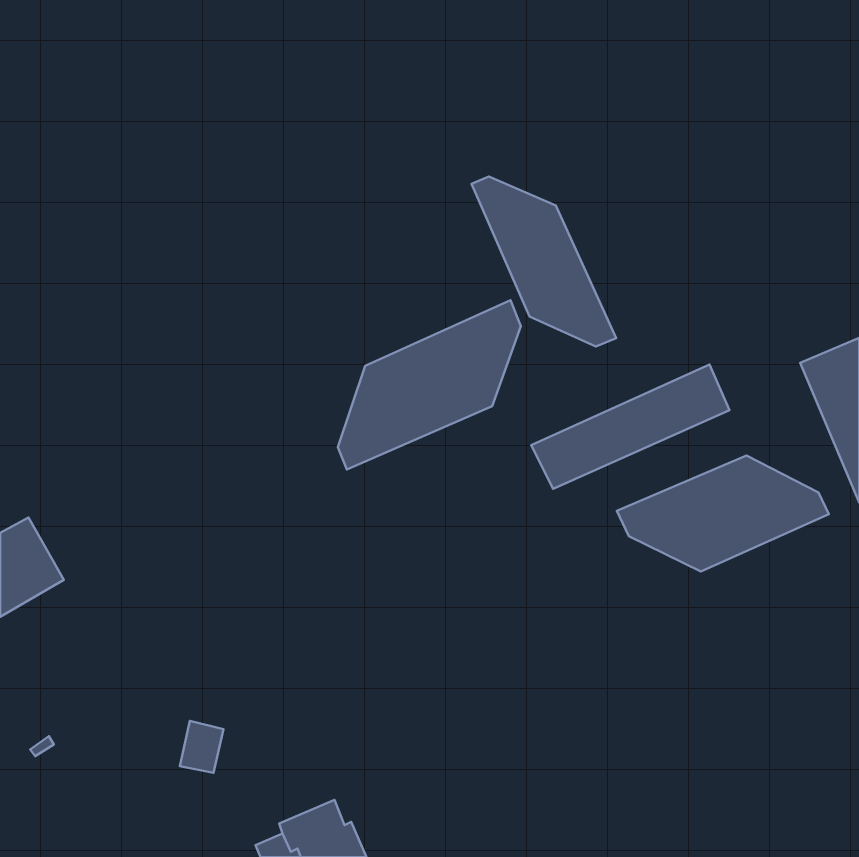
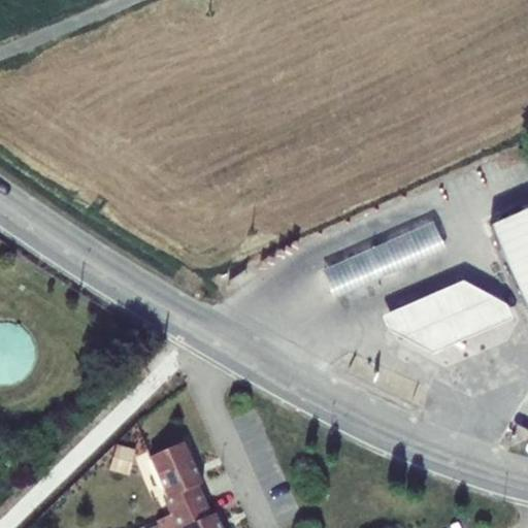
building: [471,177,616,346] -> none
building: [338,300,521,470] -> none
building: none -> [151,433,205,505]

